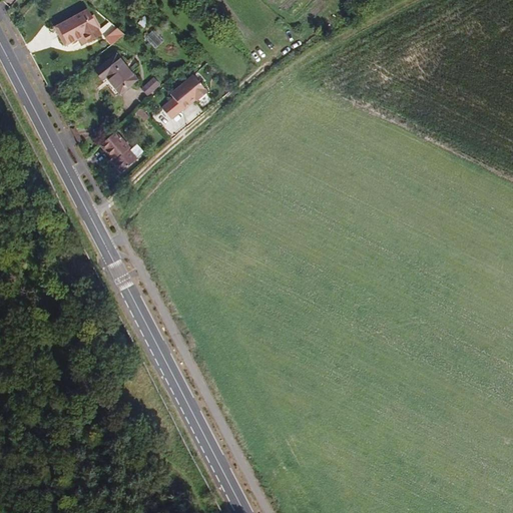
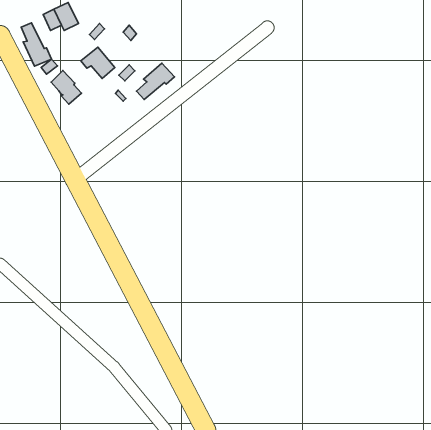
building: none -> [21,23,51,66]
building: [102,131,138,171] -> [51,70,82,104]

